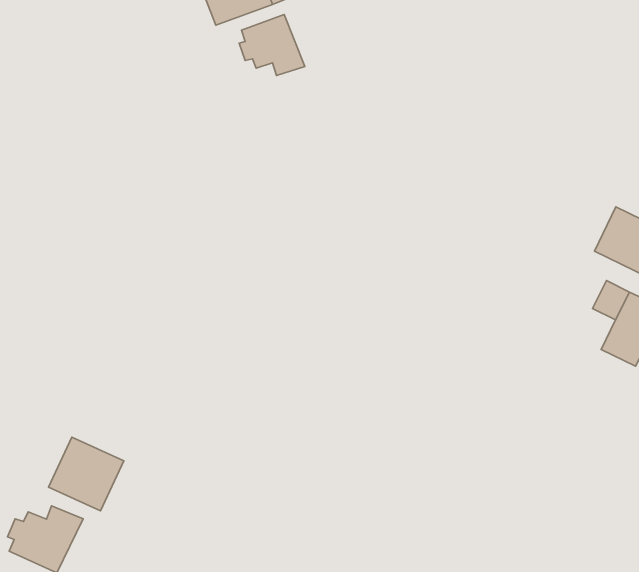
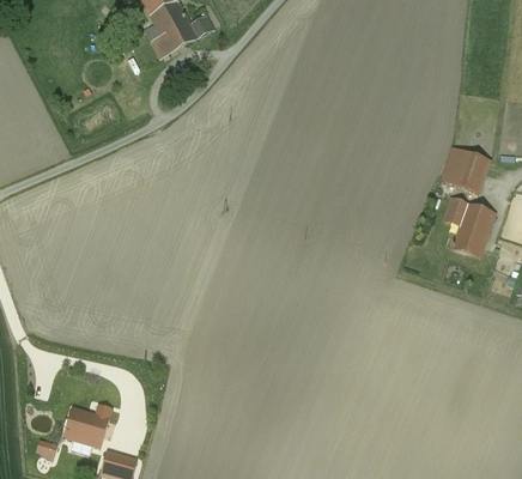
building: [239,14,305,75] -> none
building: [49,437,124,511] -> none

